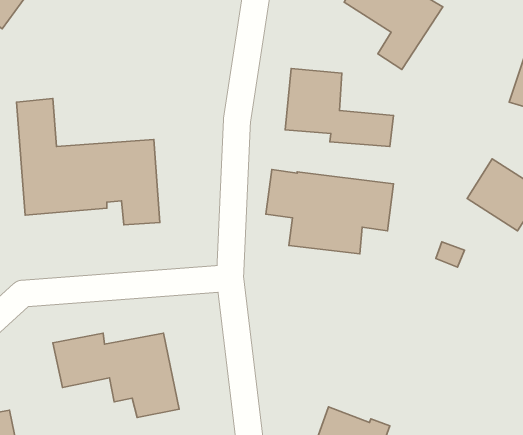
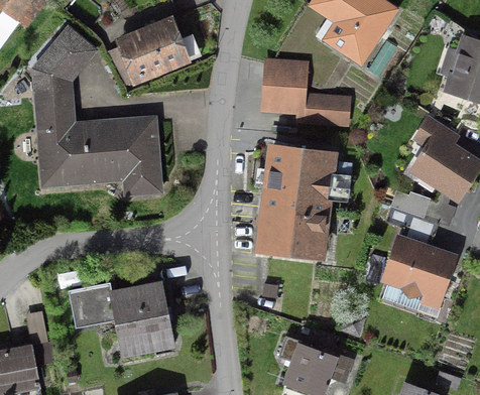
building: none -> [121,25,186,81]
building: none -> [36,31,92,82]
building: none -> [260,209,325,254]
building: none -> [386,240,452,296]

